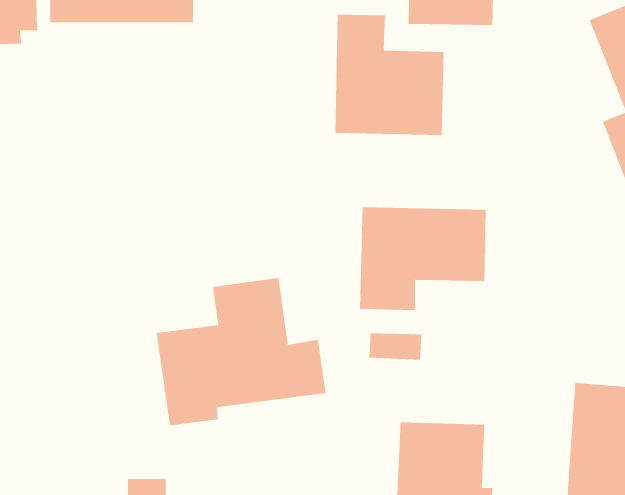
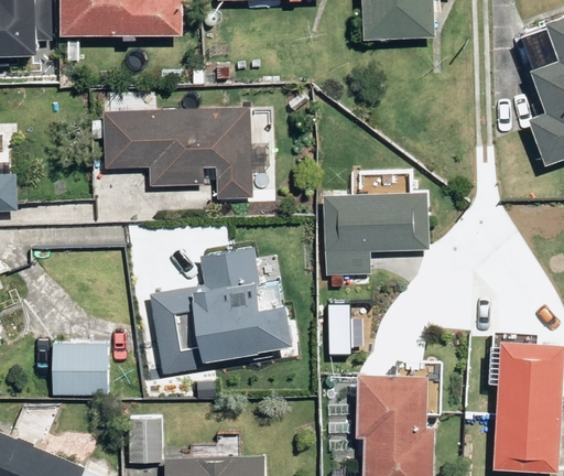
building: [335,14,444,136] -> none
building: none -> [102,110,270,199]
building: none -> [52,345,106,399]

